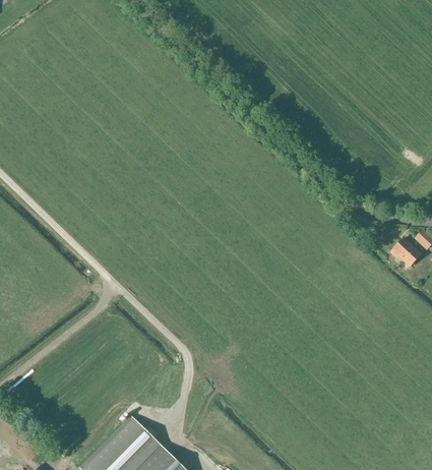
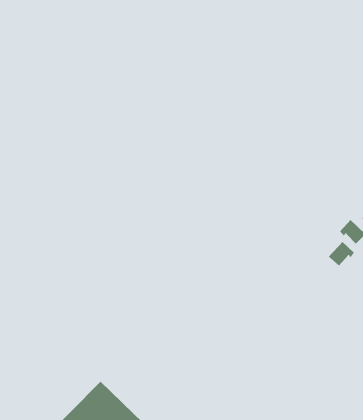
building: none -> [328,241,355,267]

